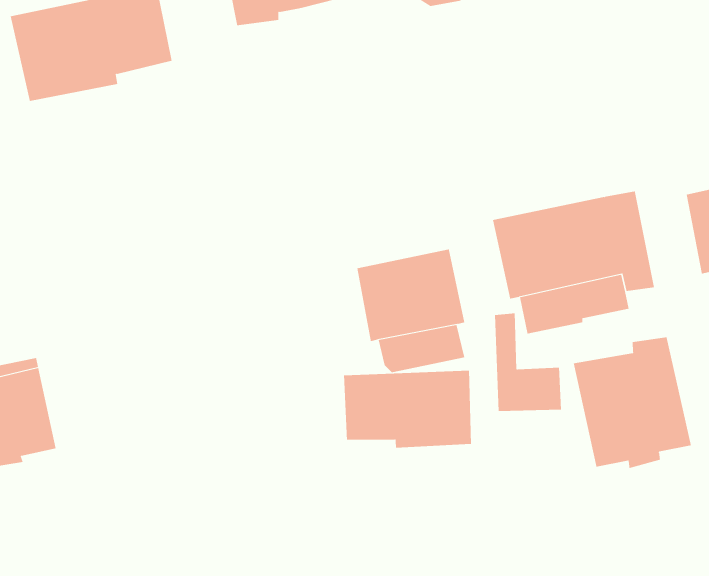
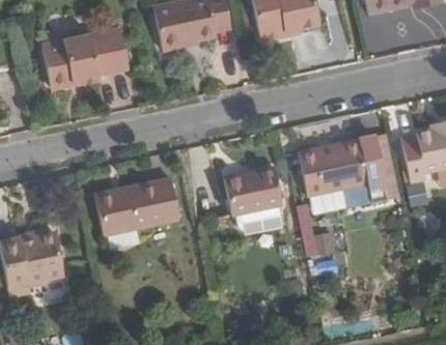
building: none -> [96,178,178,235]
building: [573,337,691,469] -> none
building: [344,370,471,449] -> none

